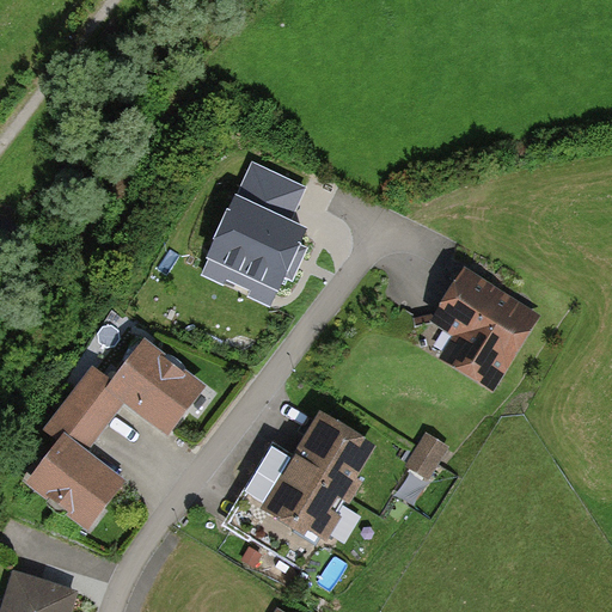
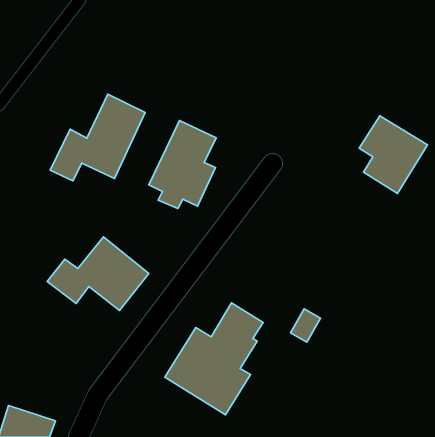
building: none -> [50,94,145,181]
building: [436,277,532,386] -> [359,116,428,194]
building: [23,393,124,526] -> none

